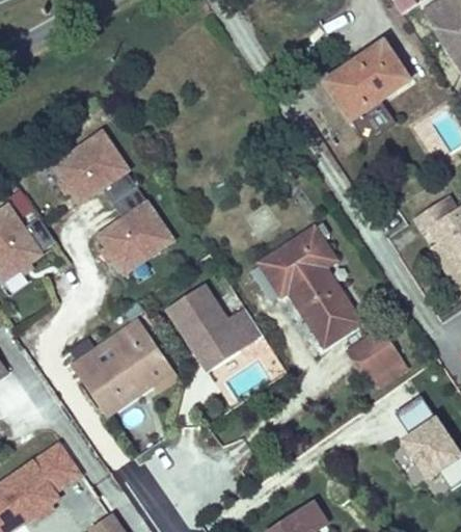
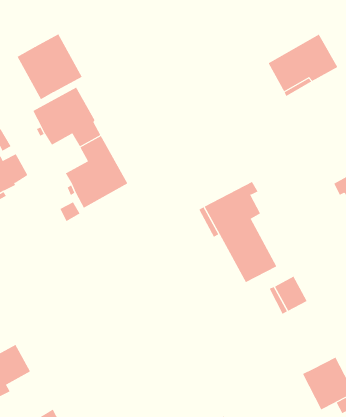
building: none -> [17,34,83,100]
building: [166,283,262,370] -> none
building: [75,321,171,414] -> none
building: [398,398,438,437] -> none

